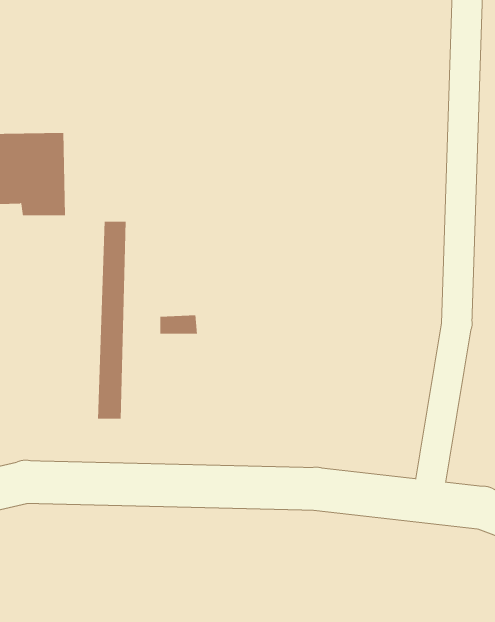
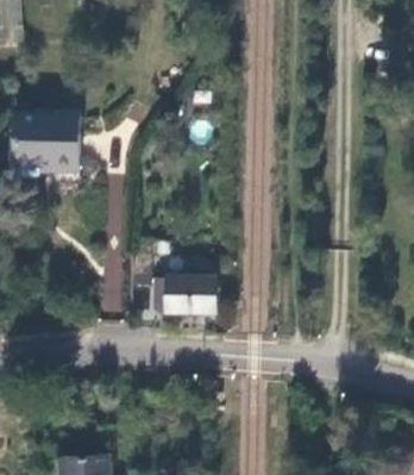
building: none -> [161,276,218,311]

